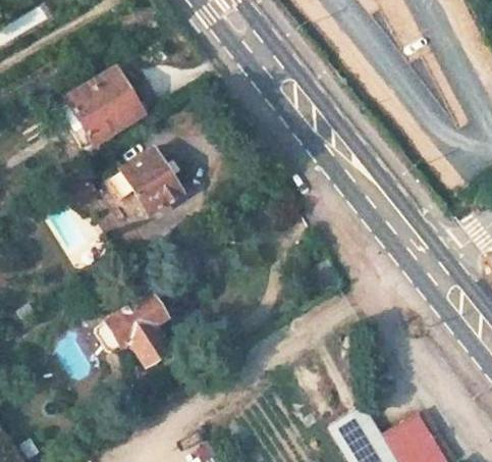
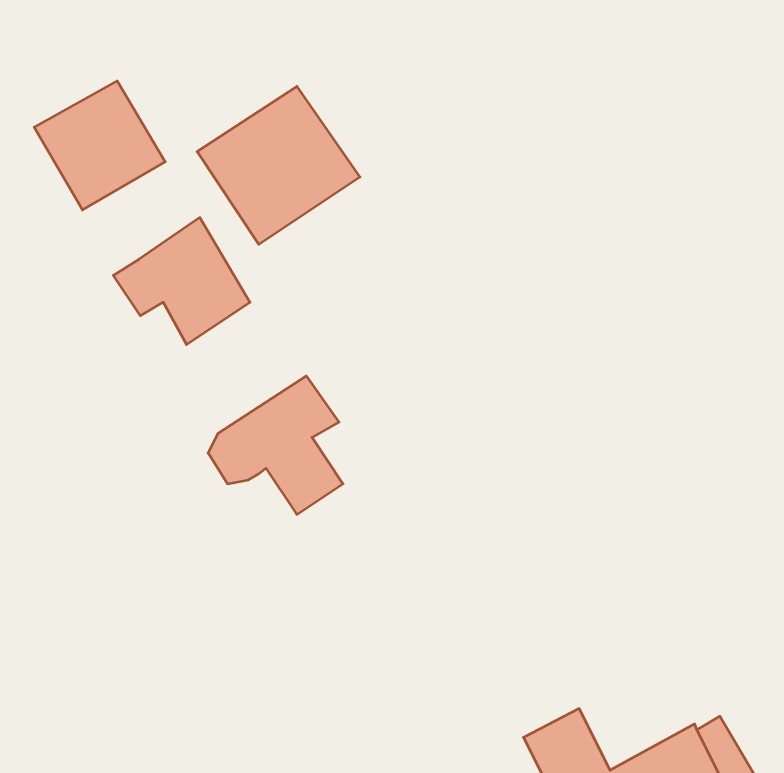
building: none -> [197,86,360,244]
building: [101,294,172,367] -> [208,376,343,514]

